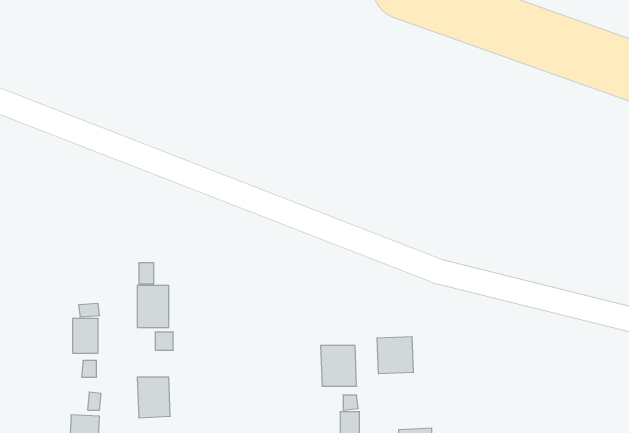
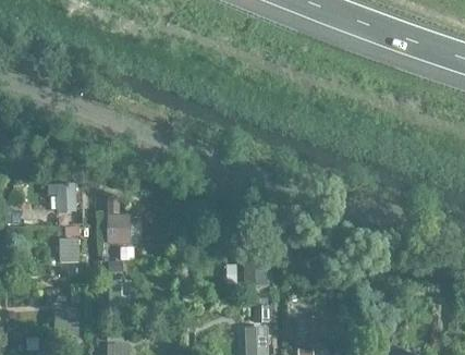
building: none -> [47,183,76,212]
building: [377,337,413,374] -> none

